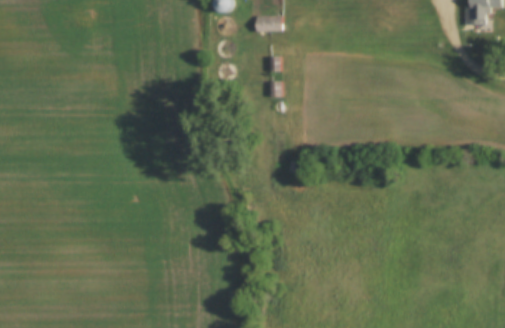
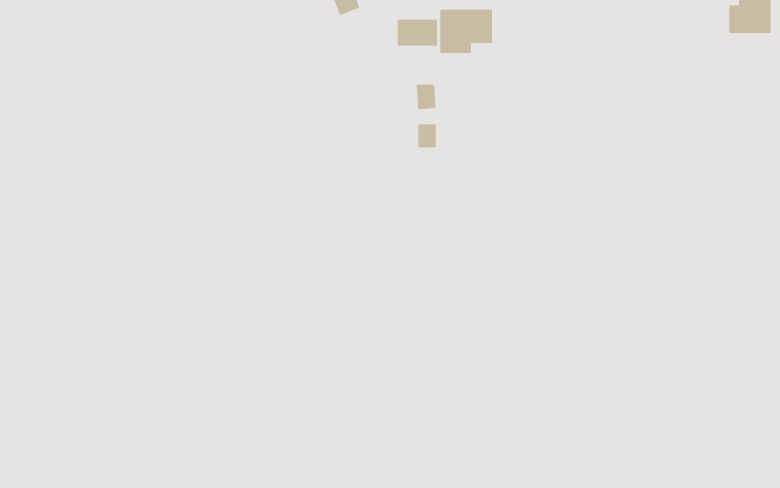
building: none -> [440,9,492,54]

